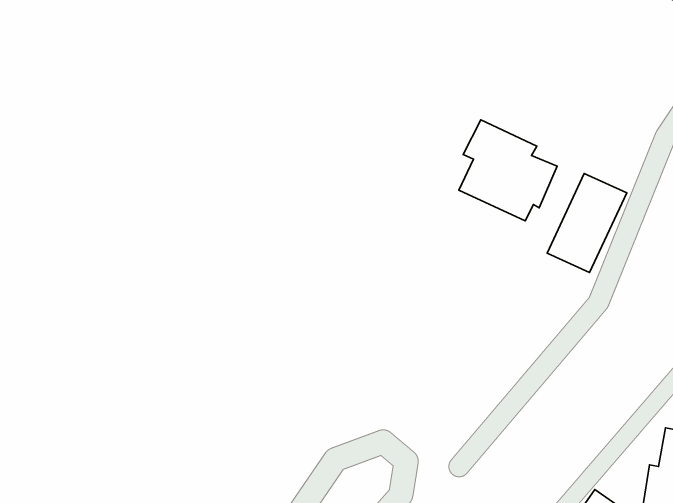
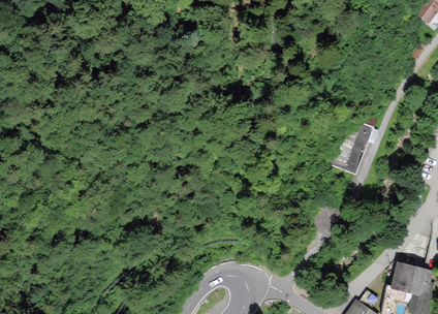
building: [459,120,557,221] -> none

